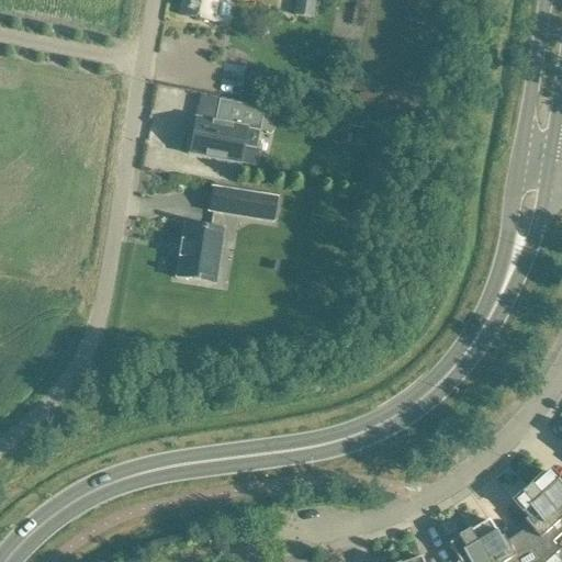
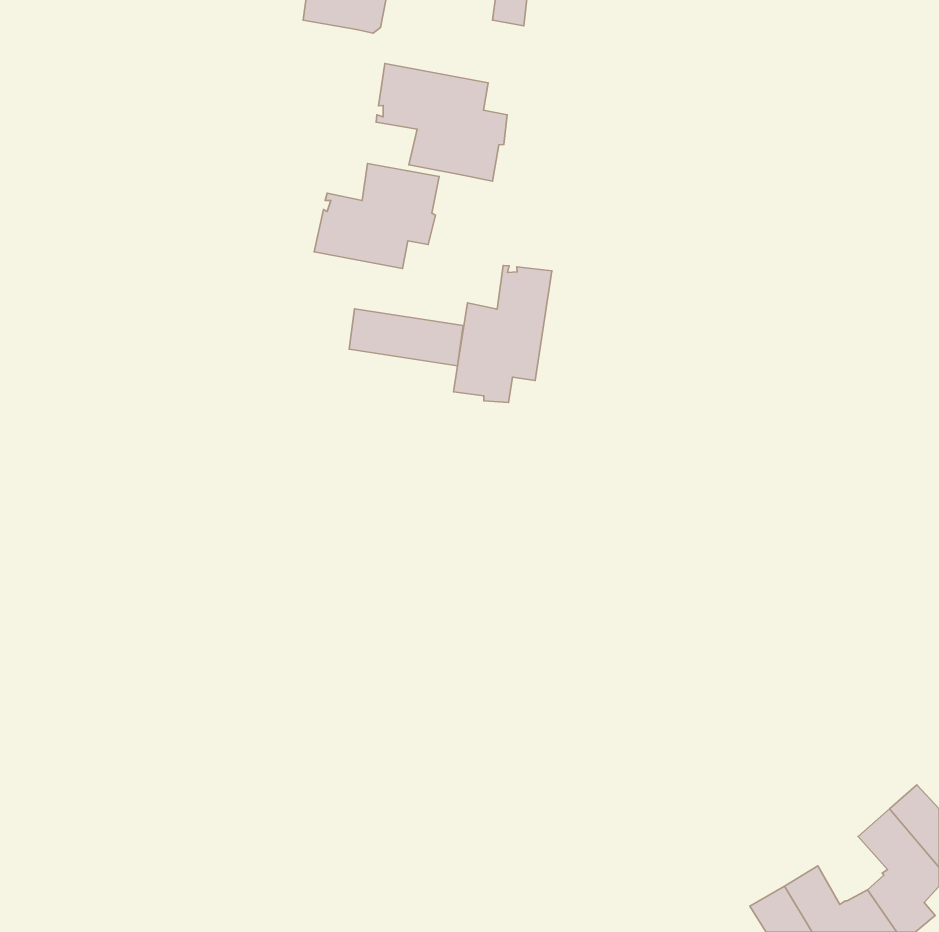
building: none -> [376,64,507,181]
building: none -> [453,265,552,402]
building: [176,221,223,281] -> none

